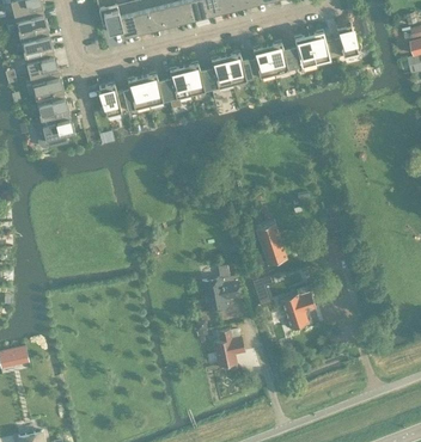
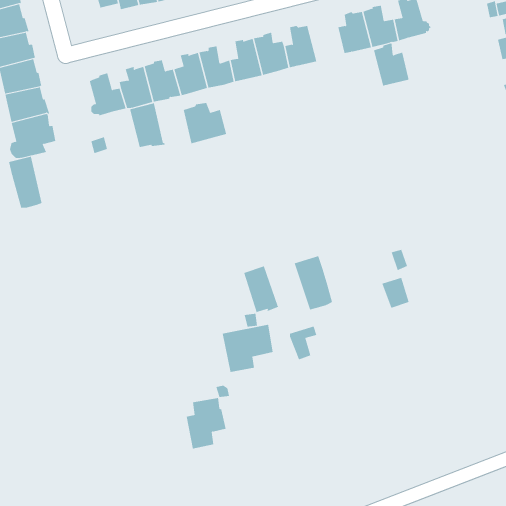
building: [267,42,294,75] -> [373,42,409,86]
building: none -> [183,102,227,144]
building: none -> [129,102,165,148]
building: none -> [9,156,42,209]
building: none -> [243,265,279,313]
building: [280,294,316,331] -> none
building: [214,330,245,369] -> [186,398,227,449]

